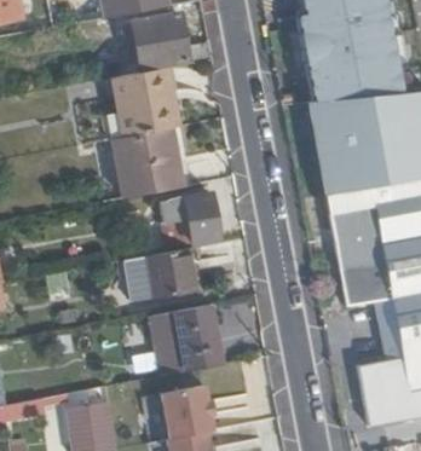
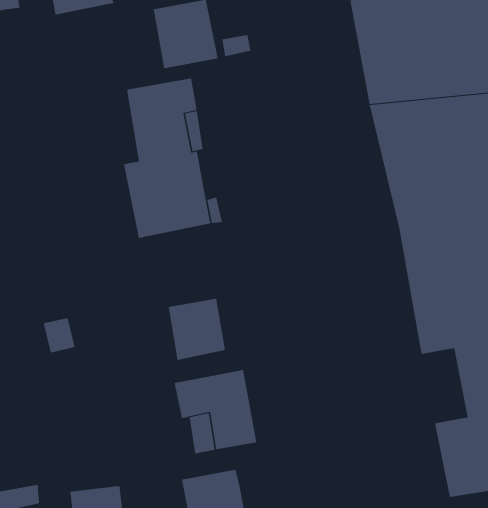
building: [157,203,215,256] -> none

